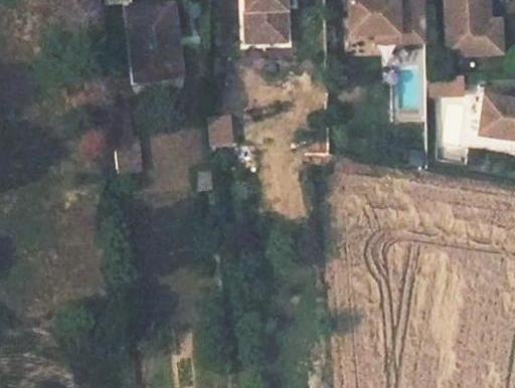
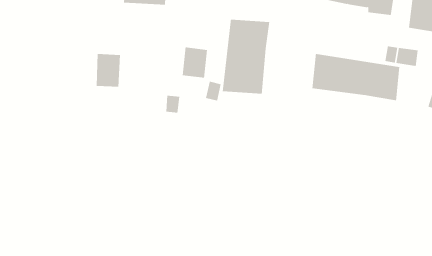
building: none -> [222,19,270,95]
building: none -> [312,53,400,101]

